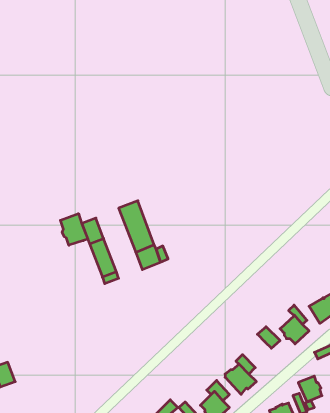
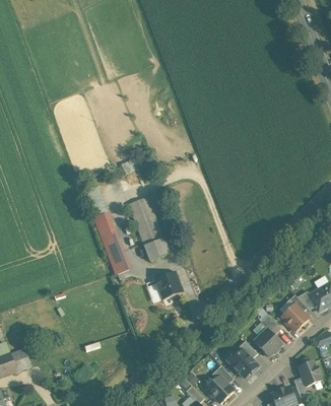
building: [60,214,88,245] -> none
building: none -> [154,271,182,299]
building: none -> [254,329,281,356]

